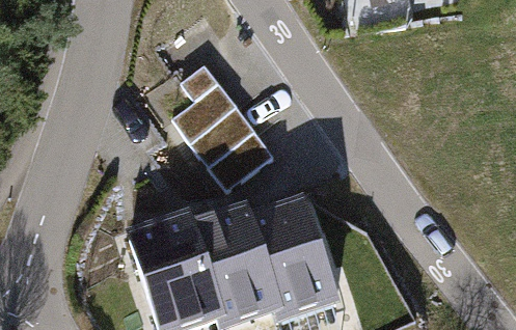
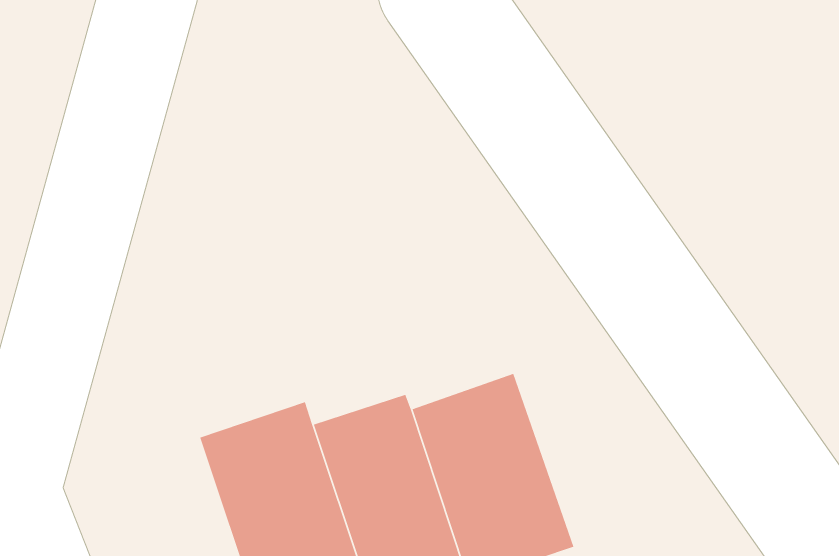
building: [160,56,274,190] -> none

